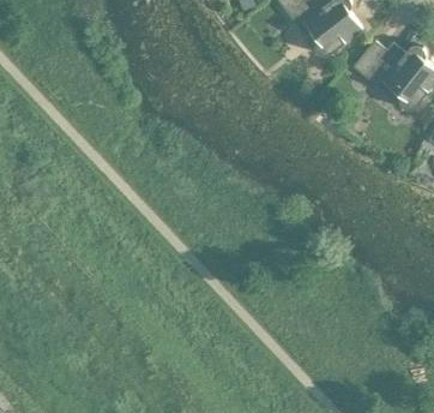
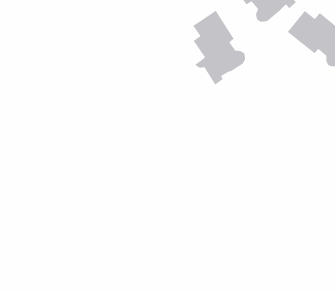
building: none -> [192,10,246,86]

